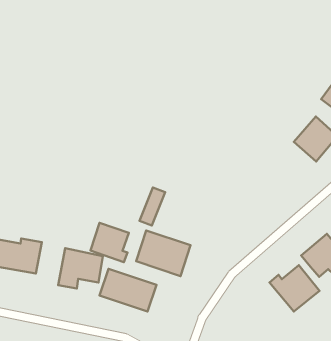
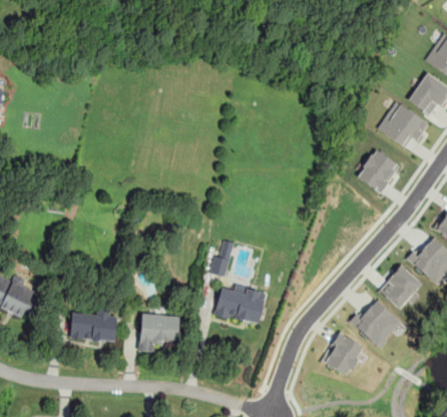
building: [90,223,129,262] -> none
building: [99,269,157,311] -> none
building: none -> [321,332,365,376]

